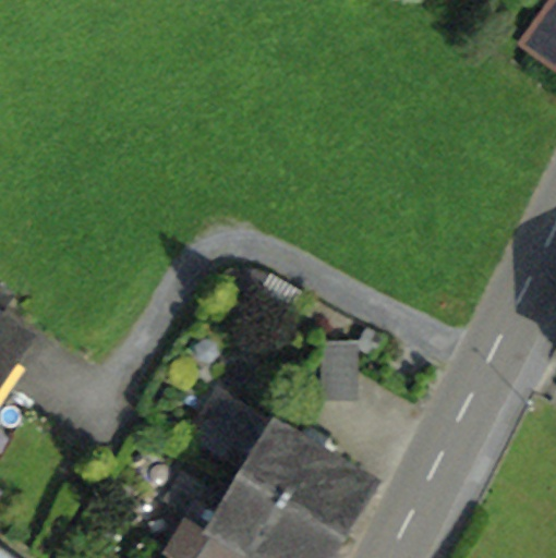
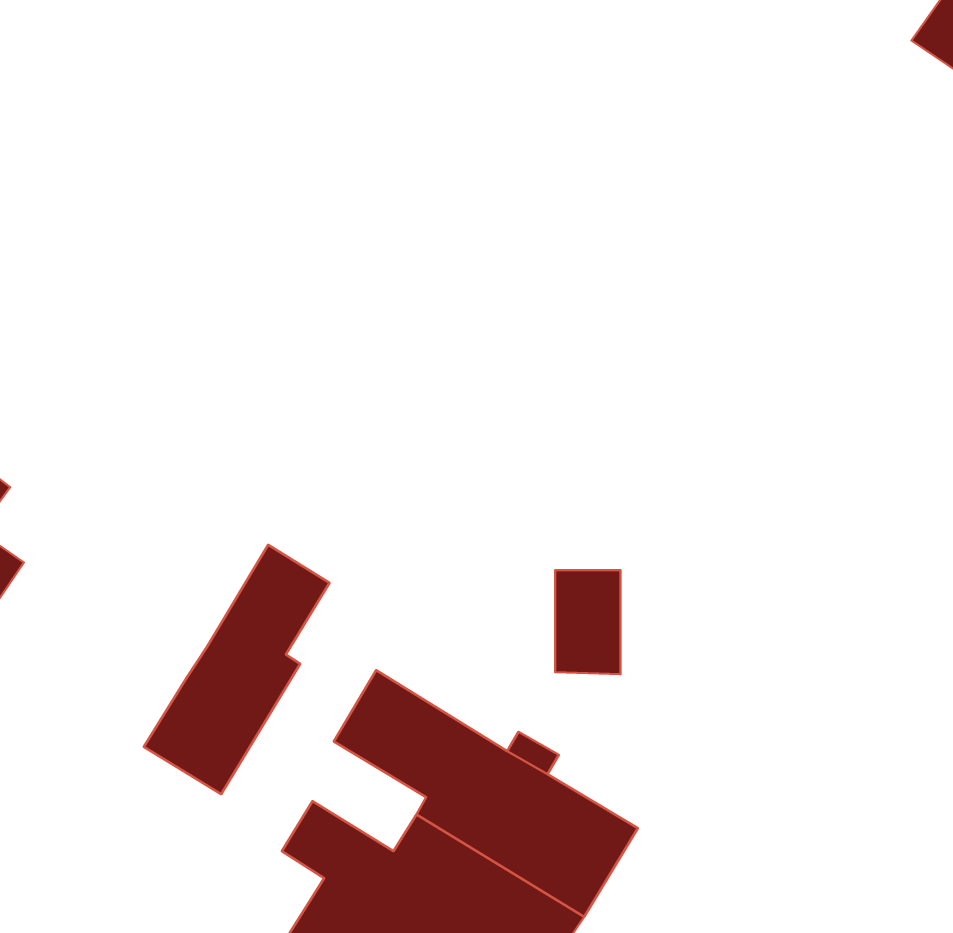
building: none -> [144,545,330,794]

